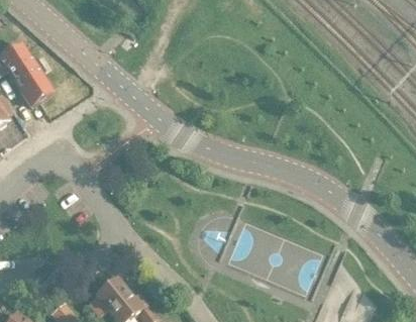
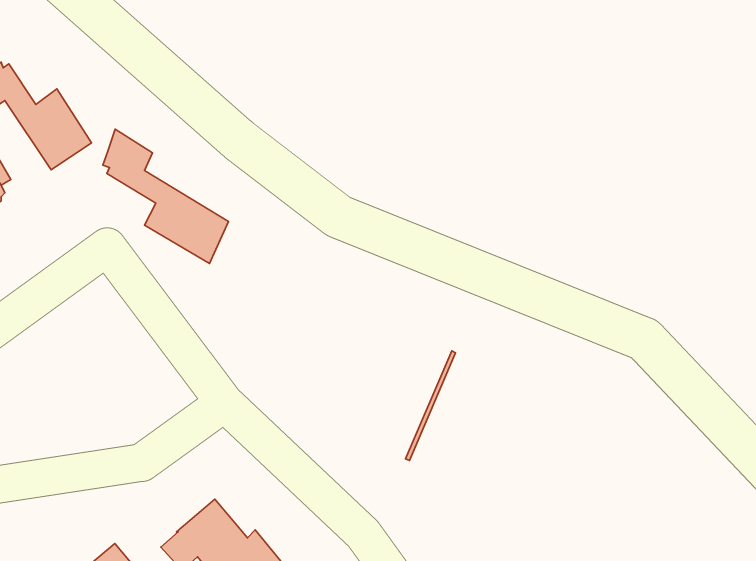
building: none -> [103,129,228,263]

